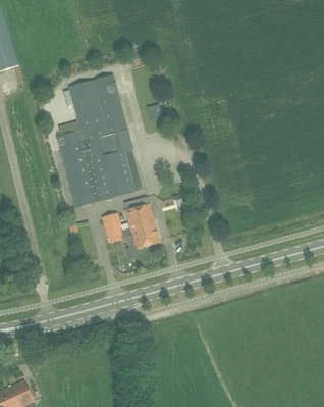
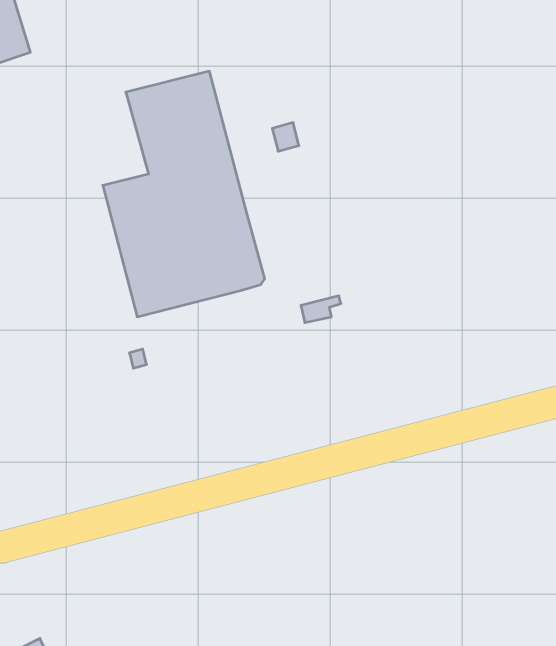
building: [102,204,158,248] -> none

